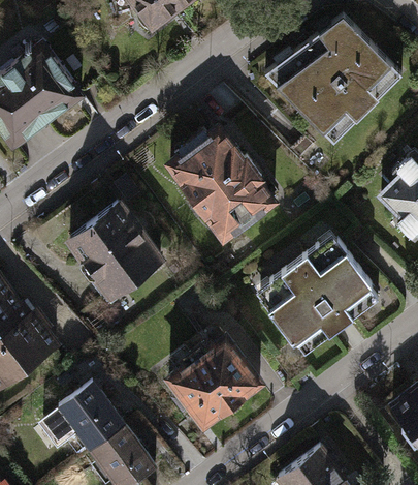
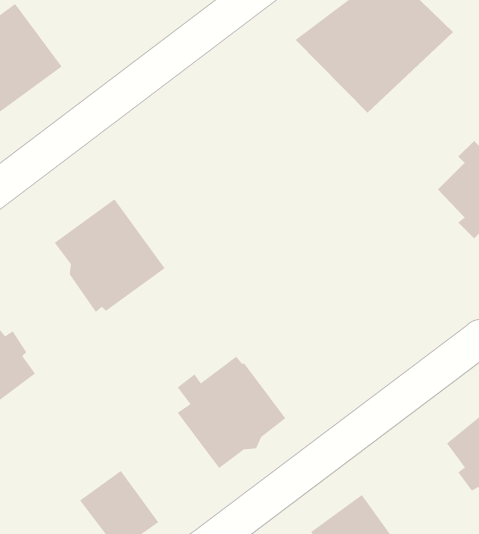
building: [168,126,275,239] -> none
building: [261,241,378,354] -> none
building: [45,382,125,450] -> none

